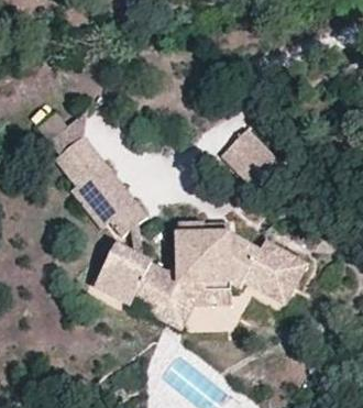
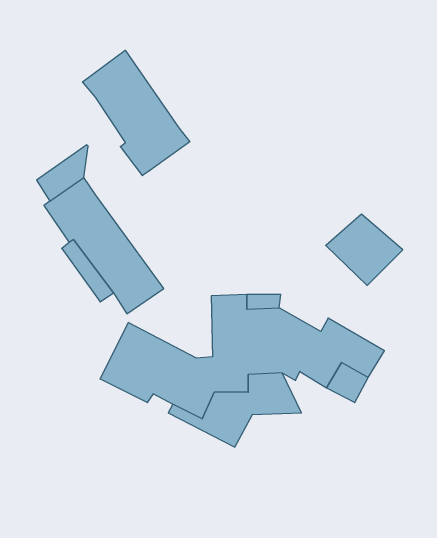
building: none -> [83,50,190,176]
building: [220,130,277,183] -> [326,214,403,285]

